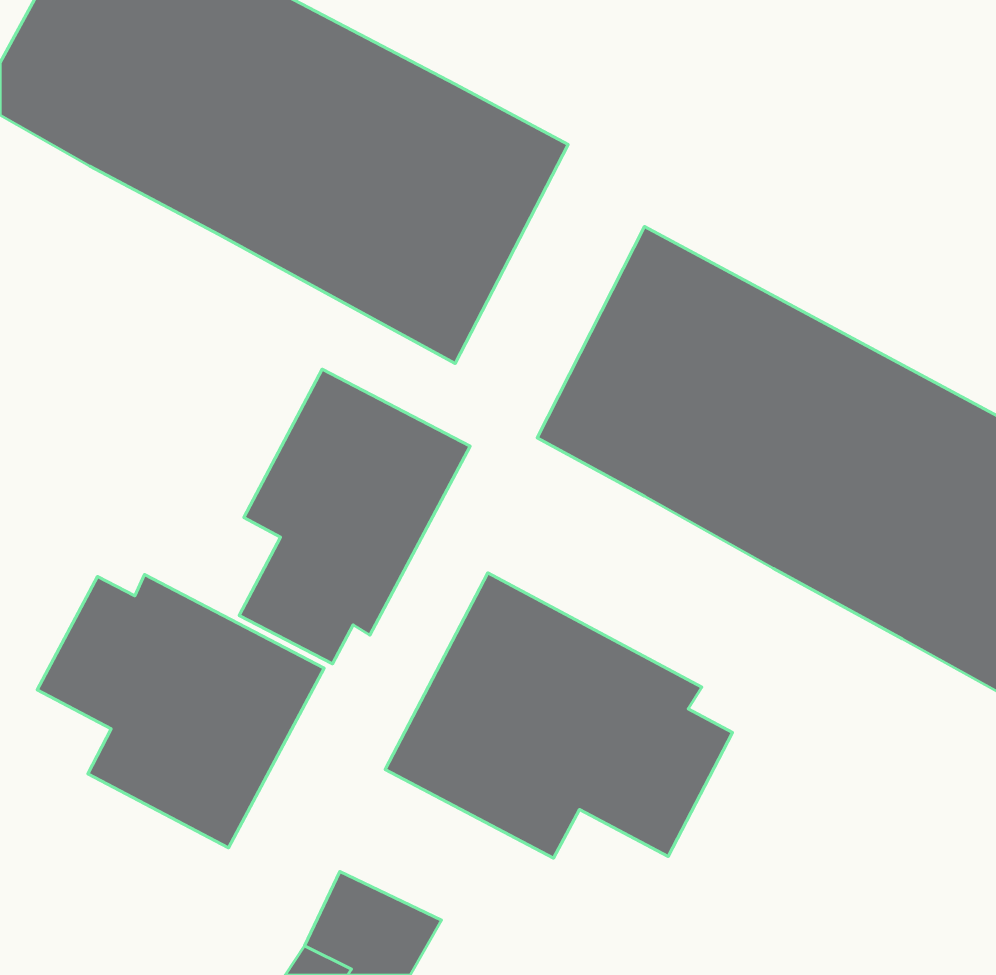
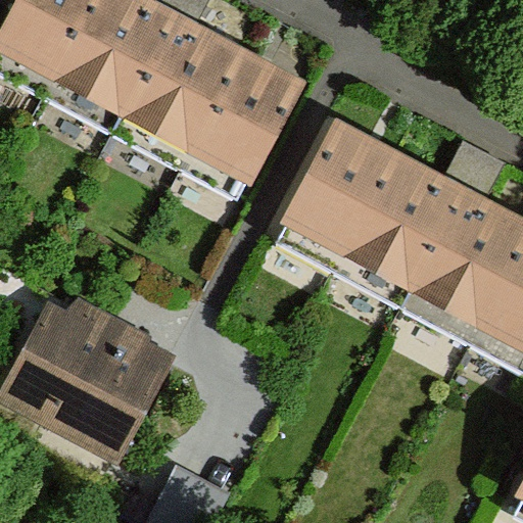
building: [239,369,470,664] -> none
building: [385,573,733,858] -> none

